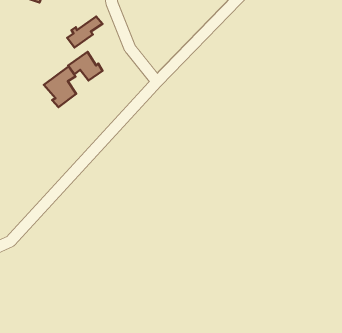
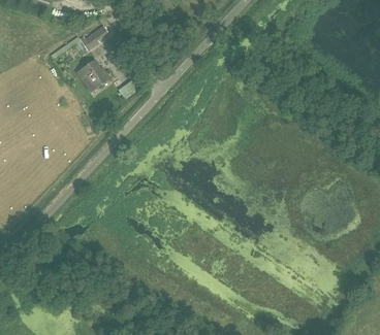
building: [44,67,76,107] -> none

